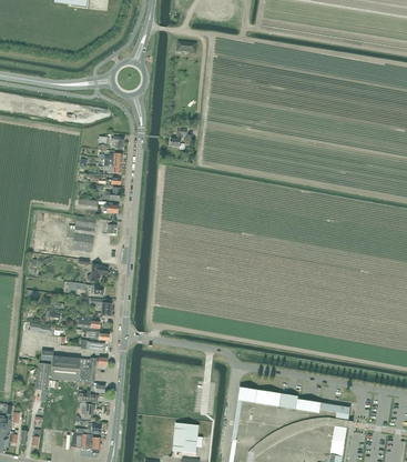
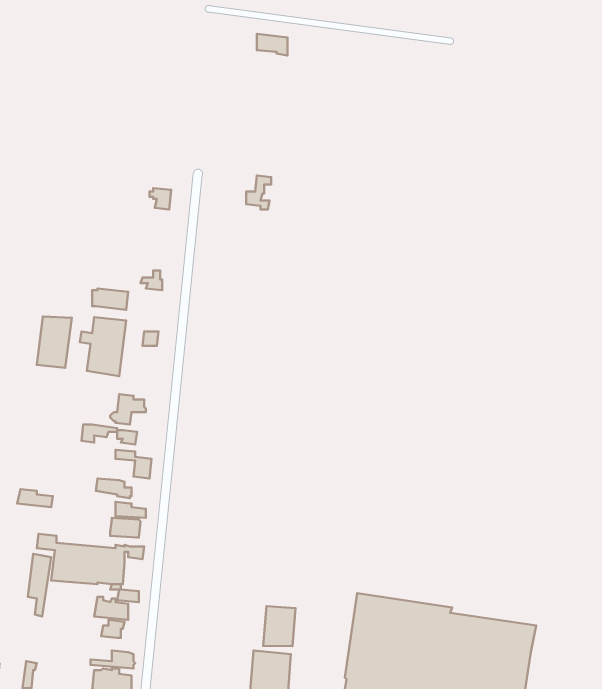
building: none -> [37,317,72,368]
building: none -> [263,606,295,646]

